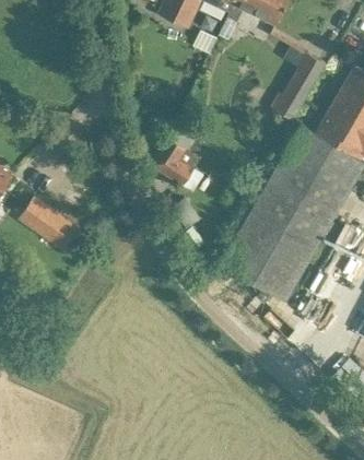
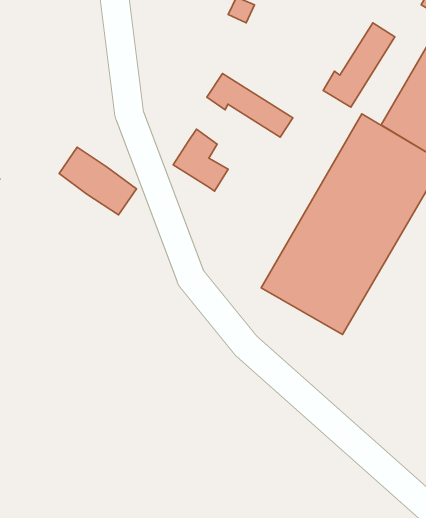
building: none -> [207,73,293,137]
building: [20,198,81,251] -> [59,147,137,215]

